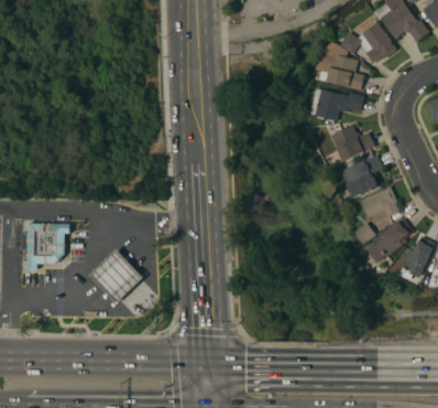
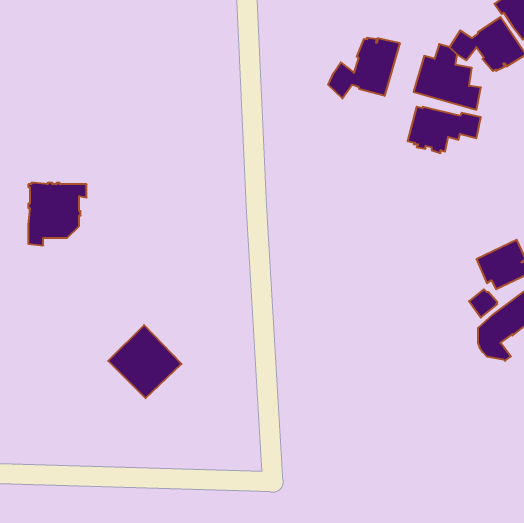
building: none -> [328,38,400,99]
building: [331,125,375,161] -> none
building: [341,154,383,197] -> none
building: [28,223,70,269] -> [28,183,87,245]

